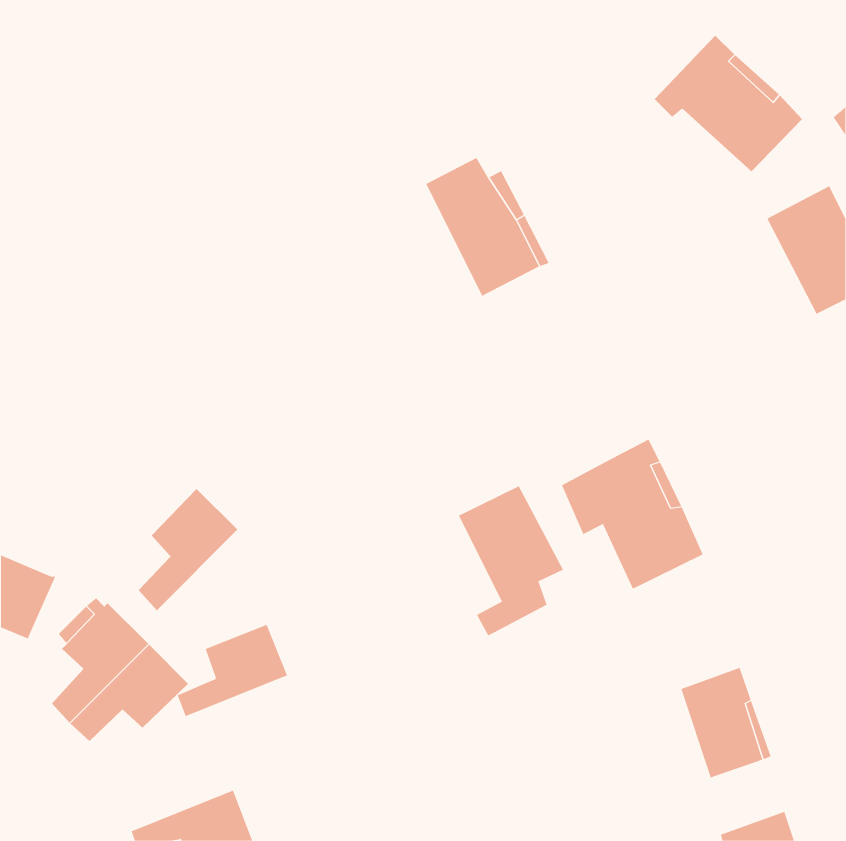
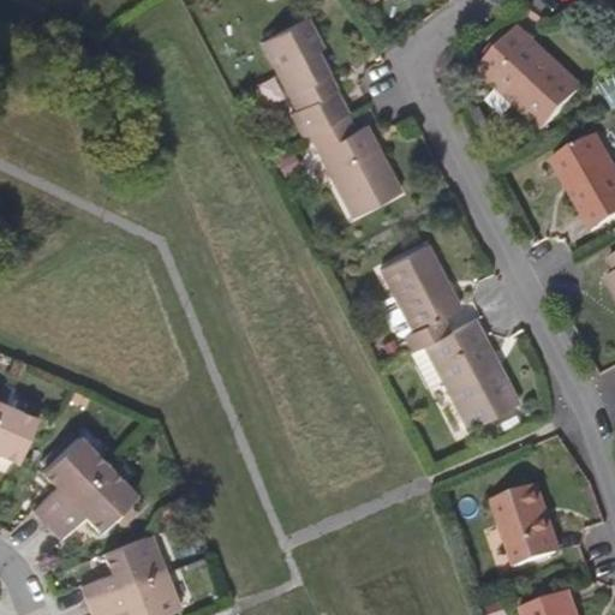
building: none -> [264,18,350,136]
building: [458,486,564,636] -> [381,245,458,354]
building: [138,488,238,611] -> none
building: [177,624,288,717] -> [89,536,169,603]

